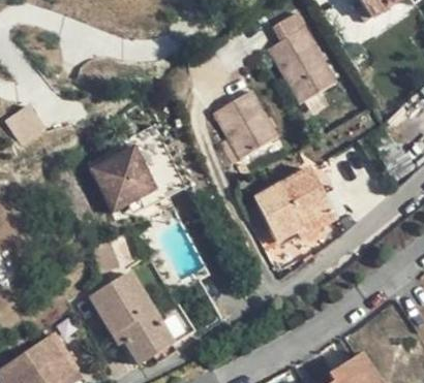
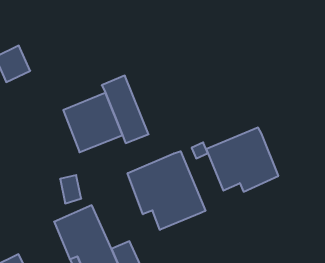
building: [266,28,334,104] -> none
building: [216,89,281,158] -> none
building: none -> [128,151,205,230]

